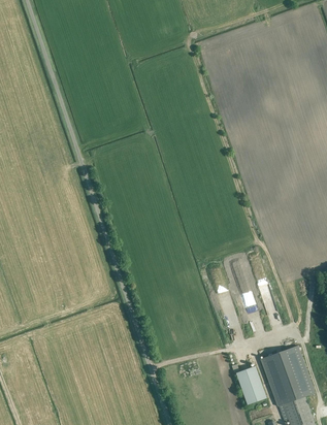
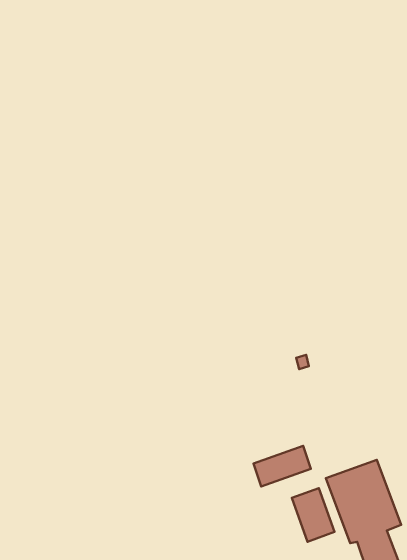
building: none -> [253,446,311,486]

